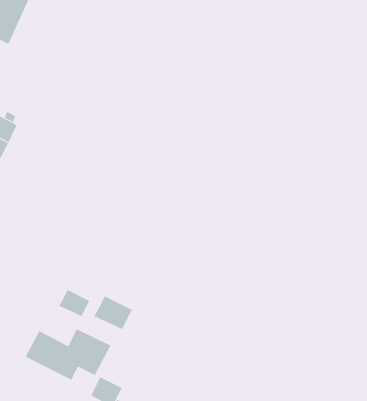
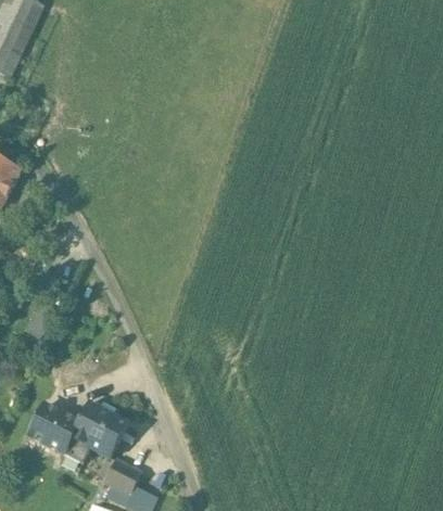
building: [59,289,90,317] -> none
building: [94,296,132,330] -> none

